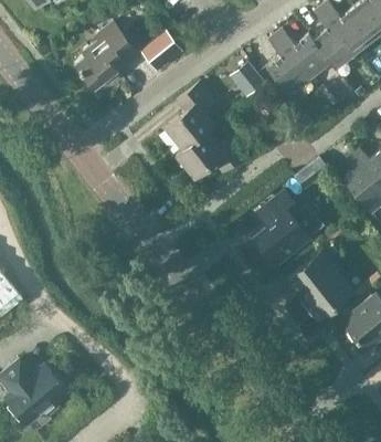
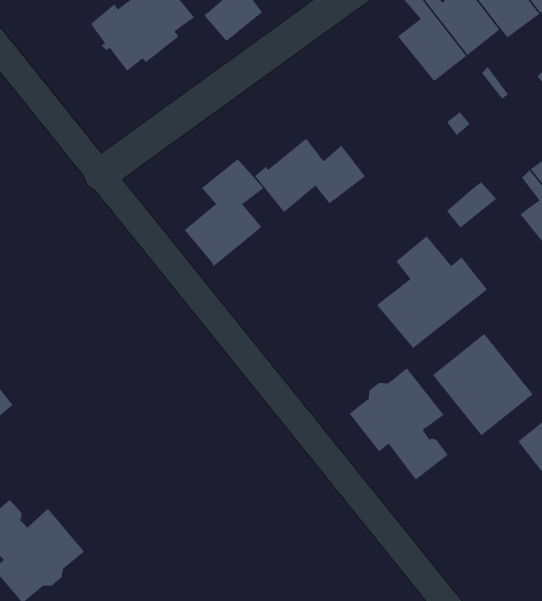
building: [230,61,265,97] -> none
building: [165,82,215,150] -> [184,159,264,267]
building: none -> [349,367,449,481]

